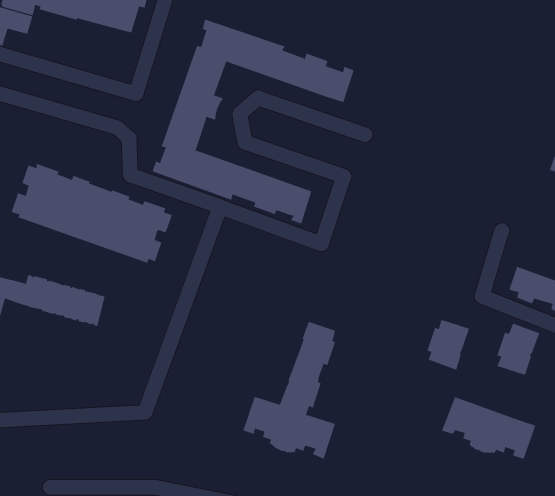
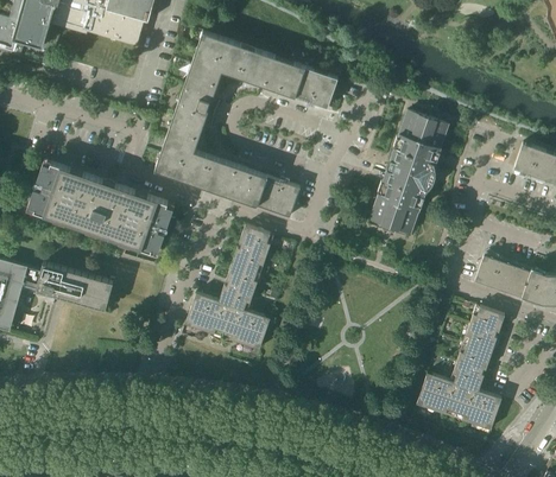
building: none -> [369,110,448,234]
building: [426,319,470,370] -> [453,345,492,392]
building: [242,321,336,459] -> [185,225,270,350]

